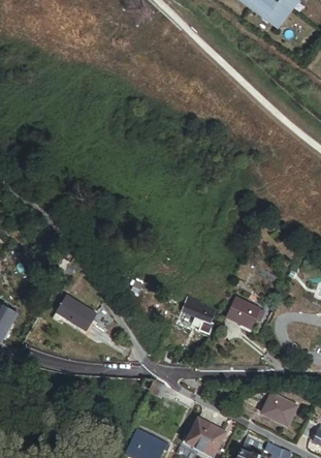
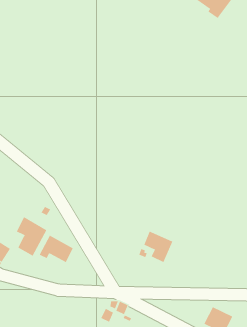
building: none -> [16,216,47,257]
building: [226,299,266,329] -> none

